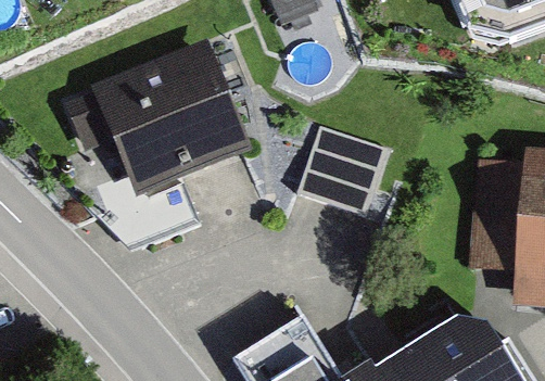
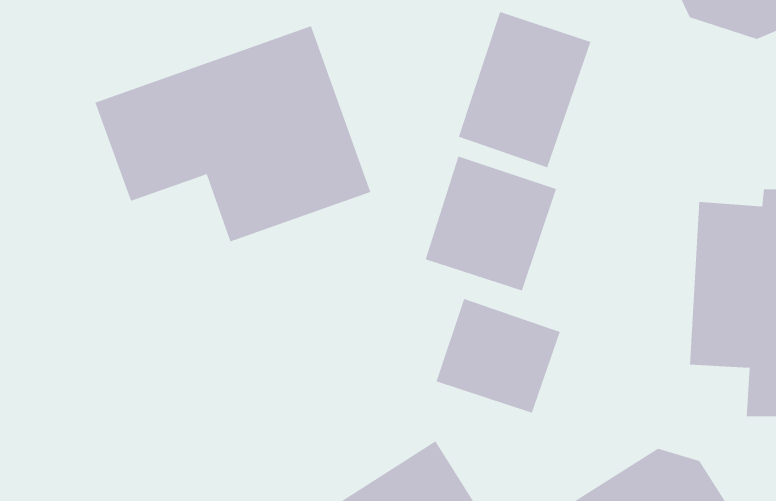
building: none -> [458,11,591,168]
building: none -> [436,298,560,413]

